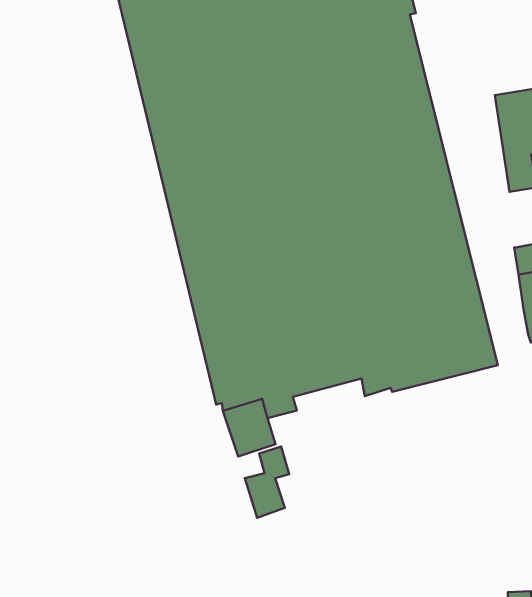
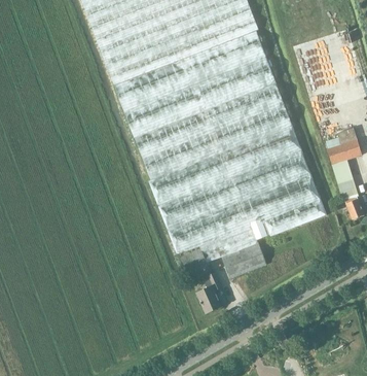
building: none -> [218,230,266,277]

